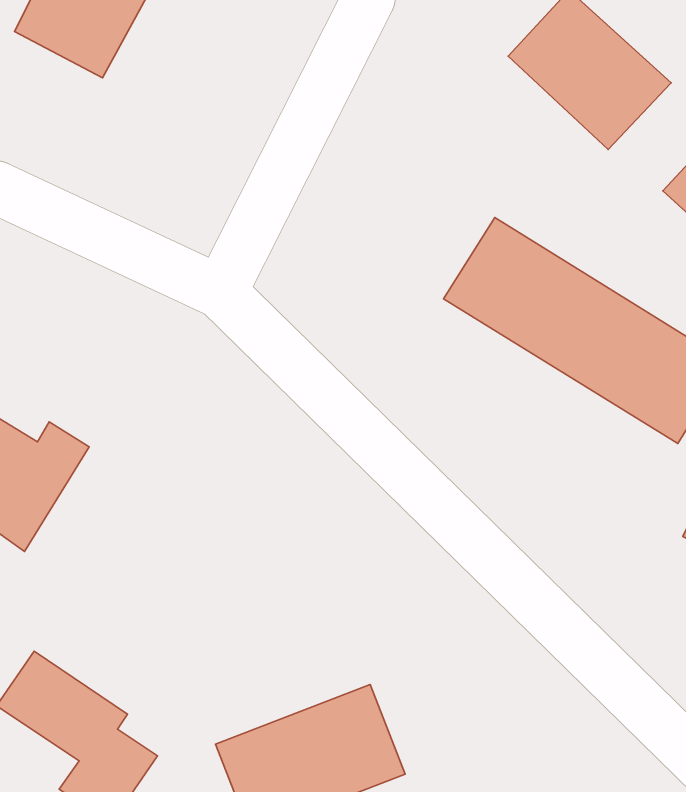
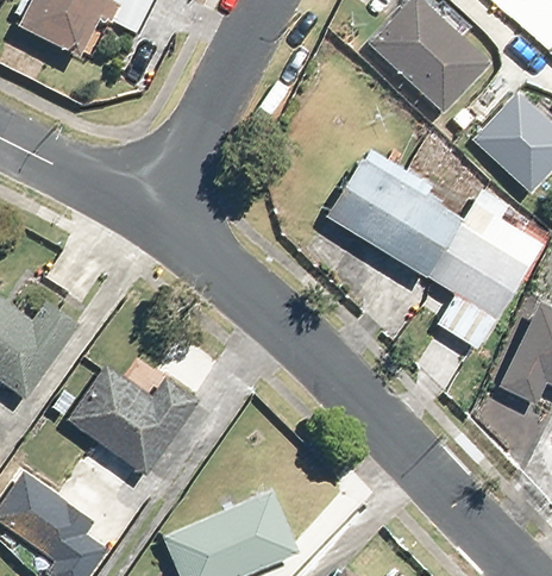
building: none -> [70,353,192,472]

